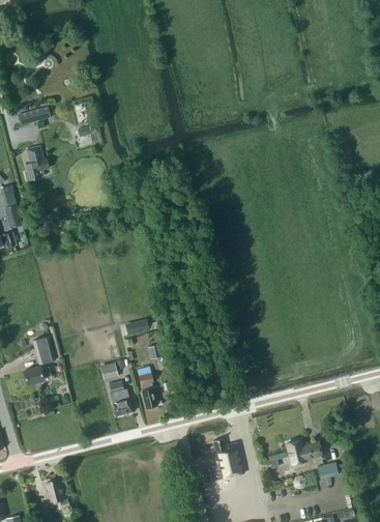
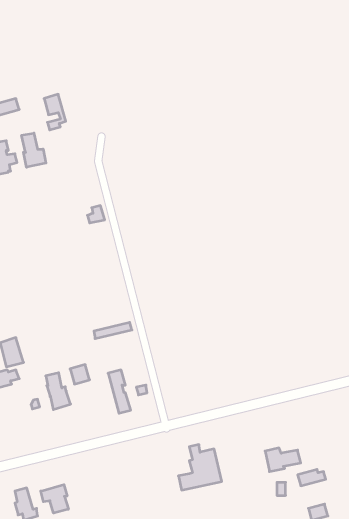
building: none -> [22,133,46,167]
building: [109,380,133,415] -> [46,373,71,410]
building: none -> [41,485,68,513]

